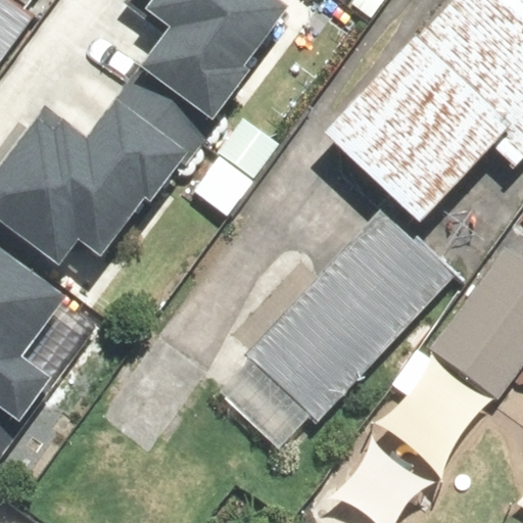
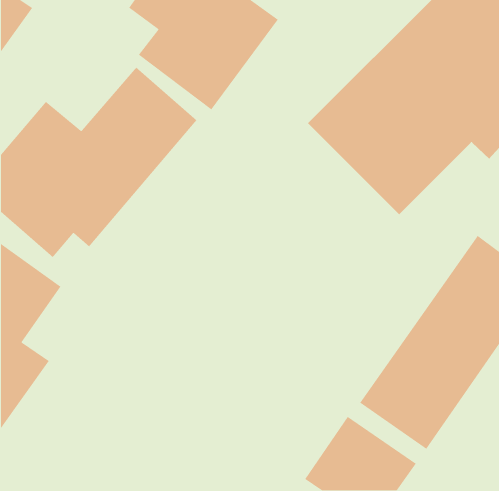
building: [227,237,453,447] -> none

